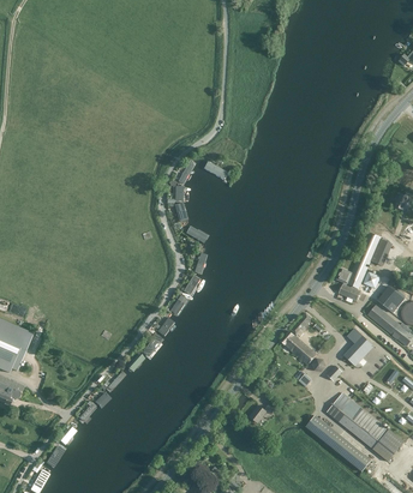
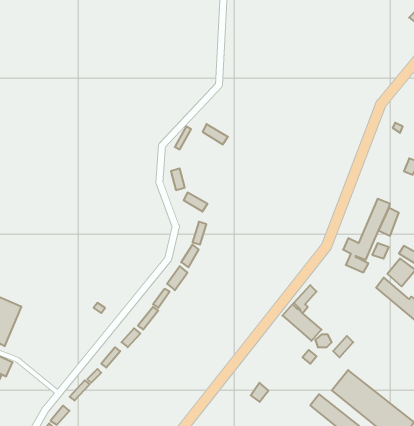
building: [345,329,375,367] -> none

